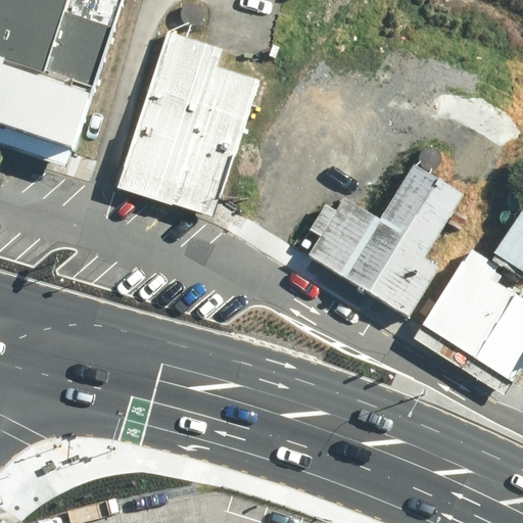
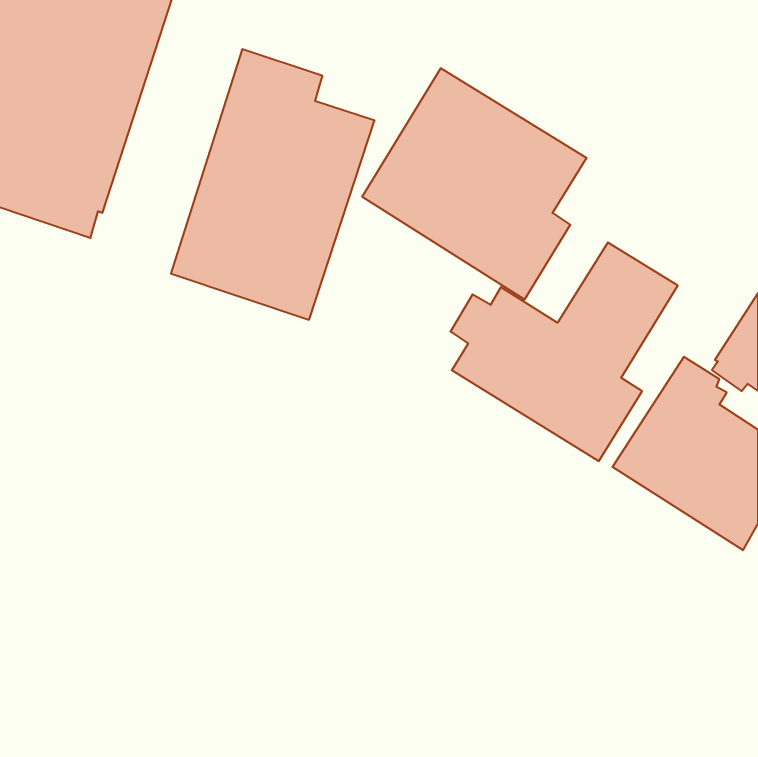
building: none -> [362,68,587,300]

